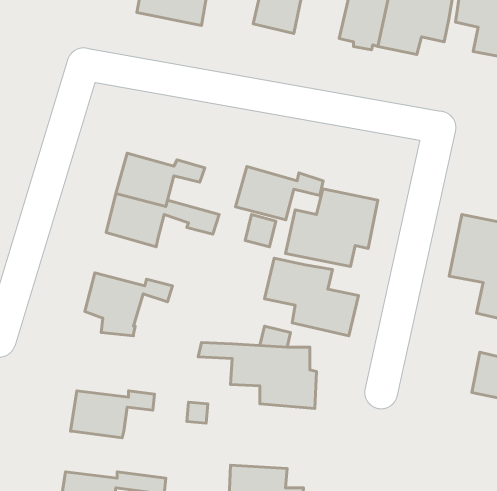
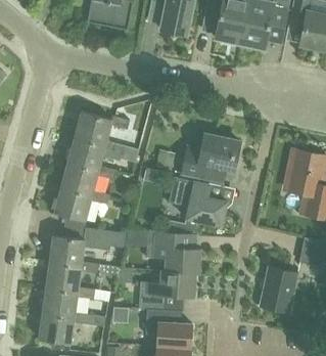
building: [236,166,323,220] -> [60,161,115,194]
building: none -> [49,224,126,265]
building: none -> [260,266,297,313]
building: none -> [138,269,195,310]
building: none -> [42,286,95,316]

